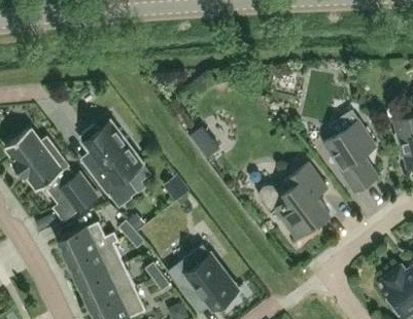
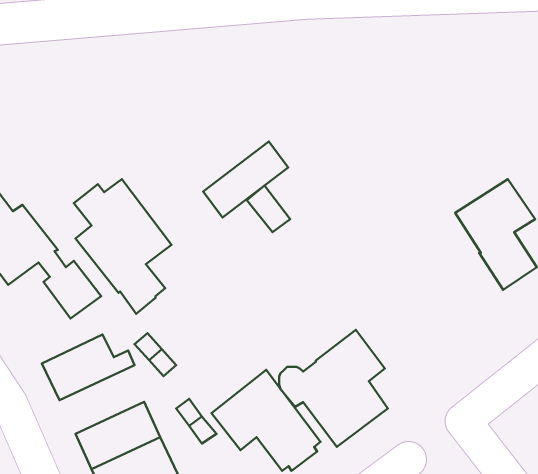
building: none -> [203,141,288,218]
building: [260,164,330,239] -> [279,330,388,447]
building: [70,241,125,285] -> none

